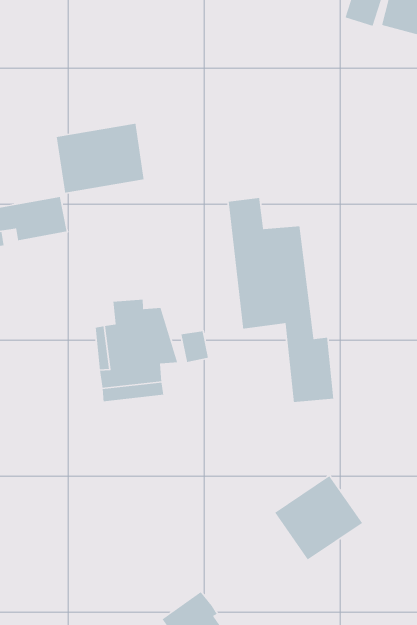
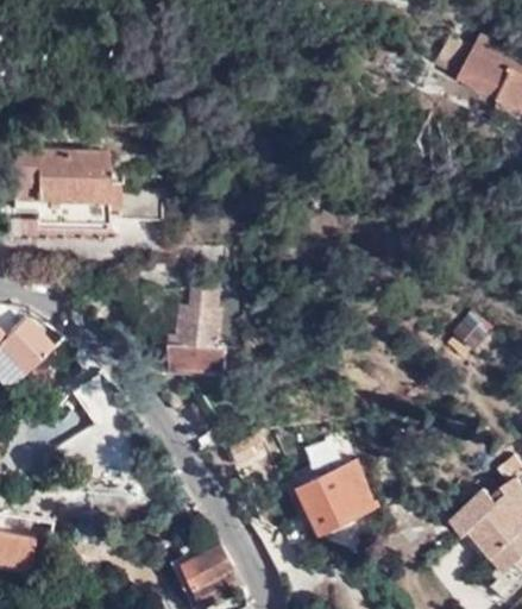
building: [56,123,145,194] -> none
building: [228,197,334,403] -> none

